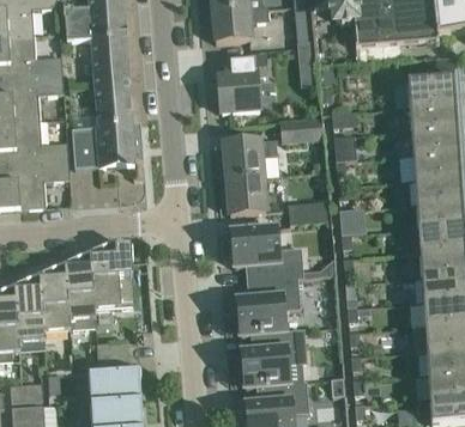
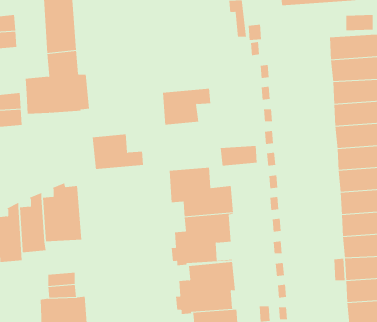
building: [217,55,265,111] -> none
building: [280,118,322,140] -> none
building: [225,175,283,214] -> [92,134,144,169]

